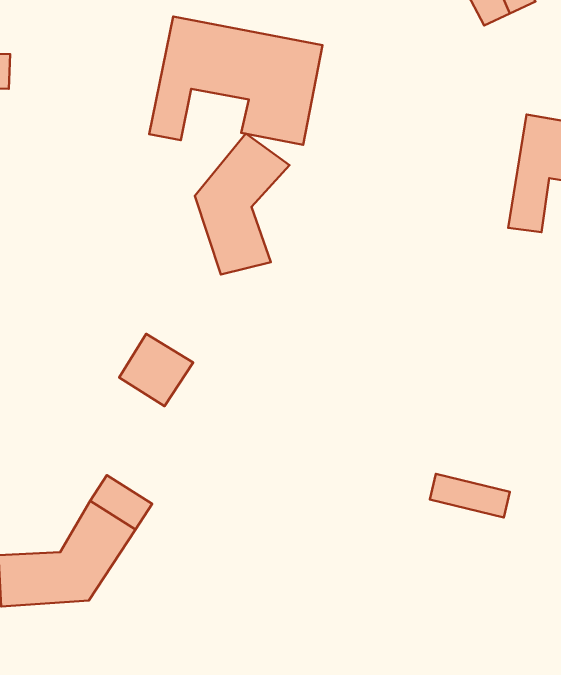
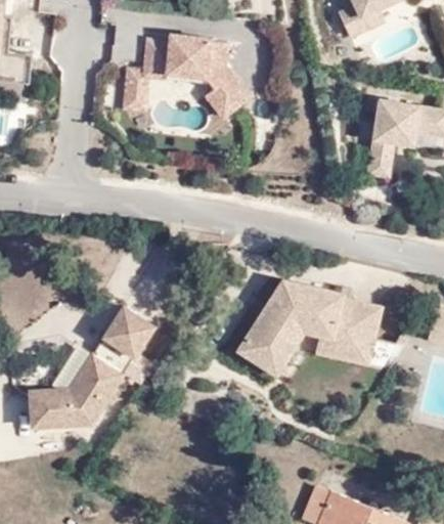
building: [195,134,290,274] -> none
building: [119,334,193,406] -> [97,311,147,360]
building: none -> [241,275,385,370]

